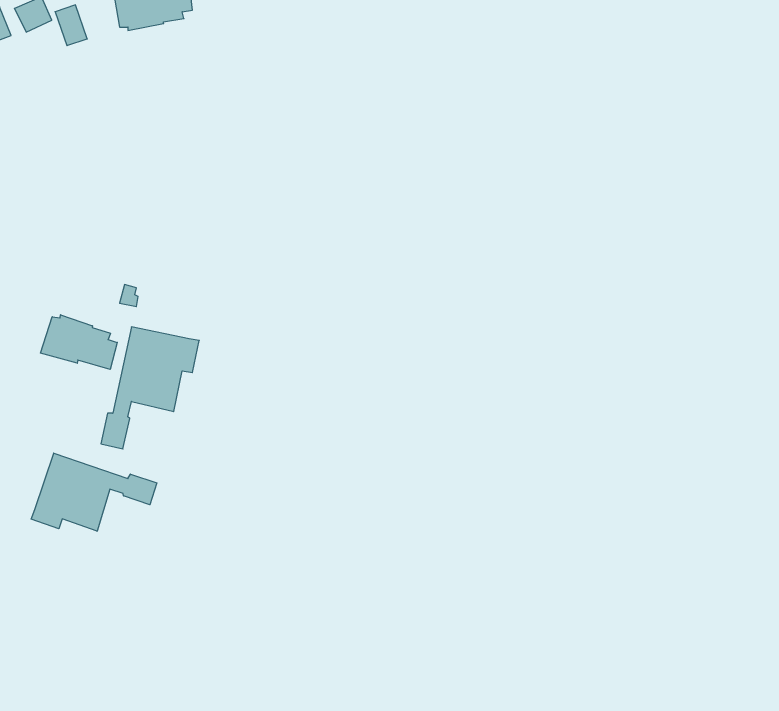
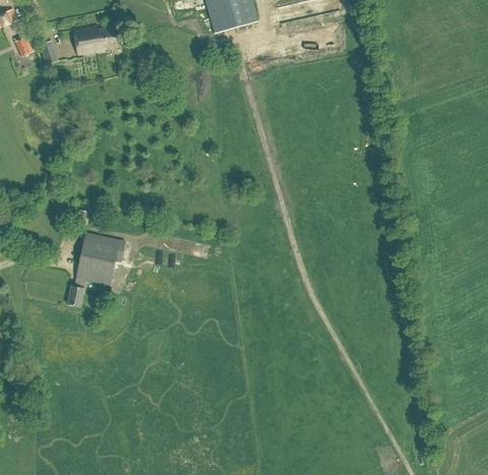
building: [40,315,117,369] -> none
building: [31,453,157,531] -> none

